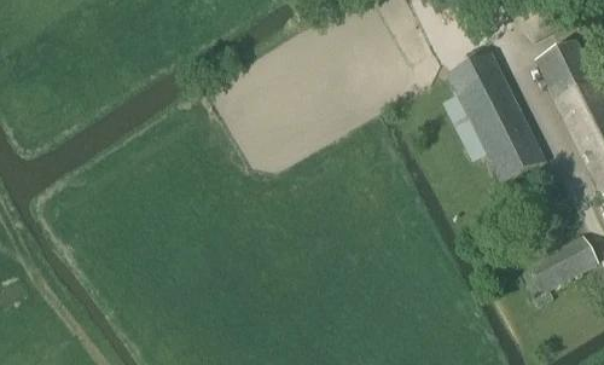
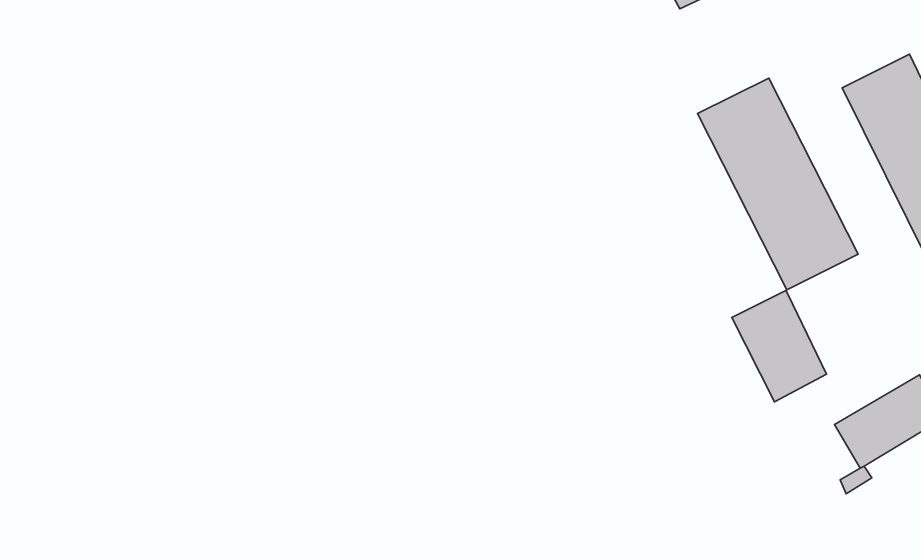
building: none -> [732,291,827,402]

